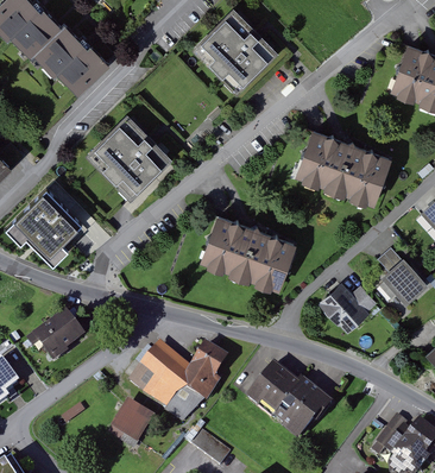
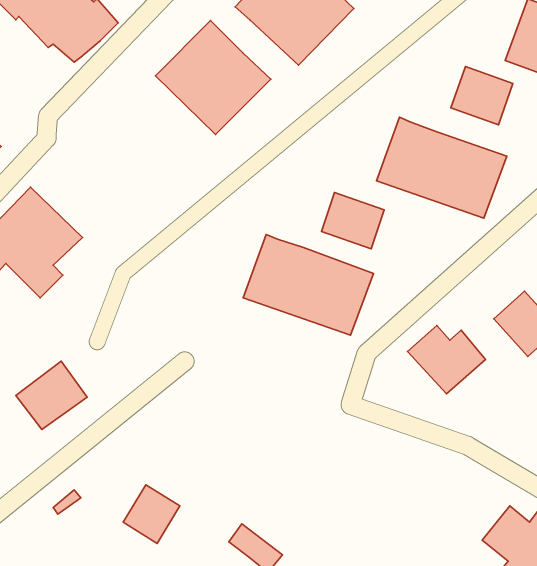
building: none -> [451,67,513,125]
building: [83,113,168,196] -> [155,21,271,134]
building: none -> [321,193,384,249]
building: [127,342,222,418] -> none
building: [245,365,326,441] -> none

